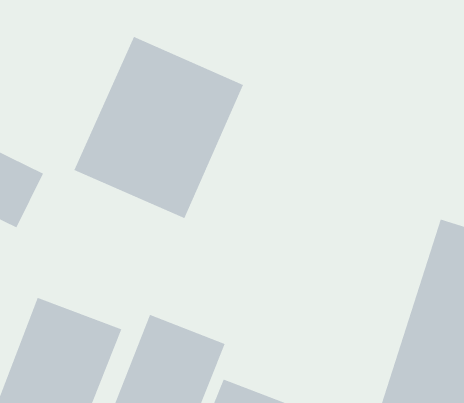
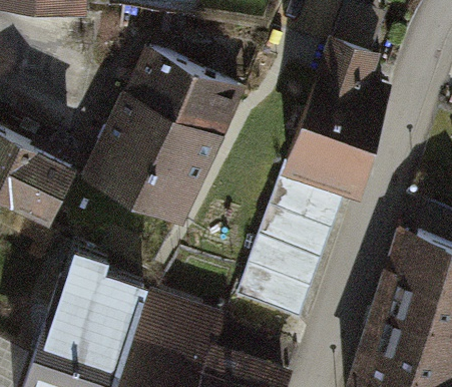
building: none -> [282,40,375,187]
building: none -> [241,183,333,322]

